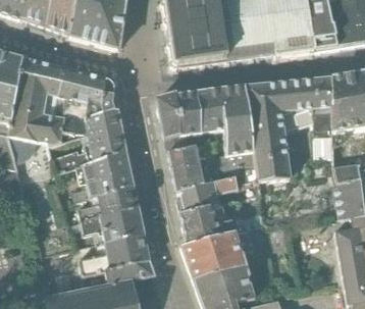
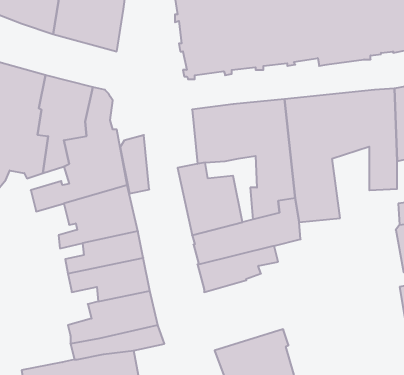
building: [158,93,180,138] -> [120,135,149,193]
building: [181,216,251,278] -> none

